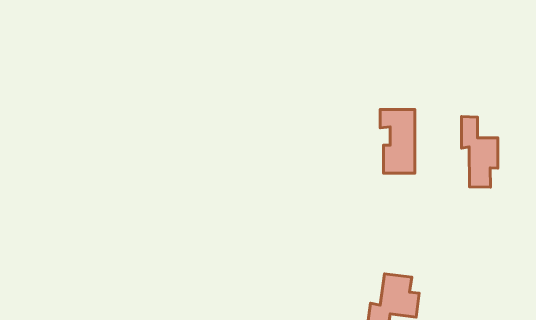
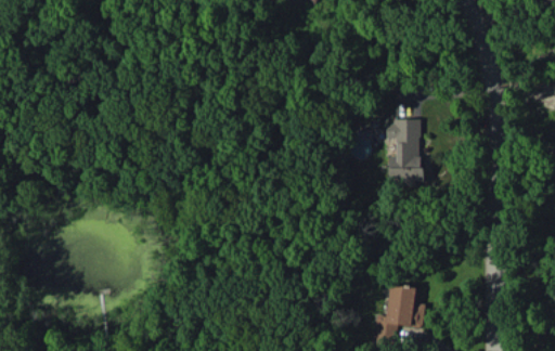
building: [461,117,498,187] -> none

